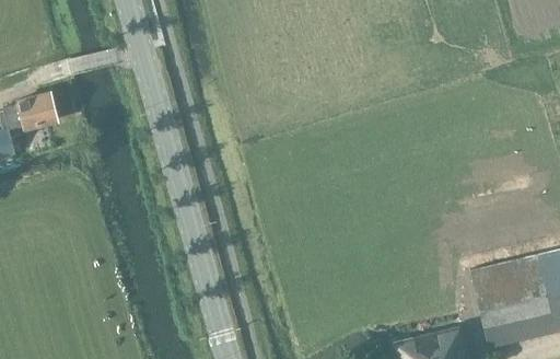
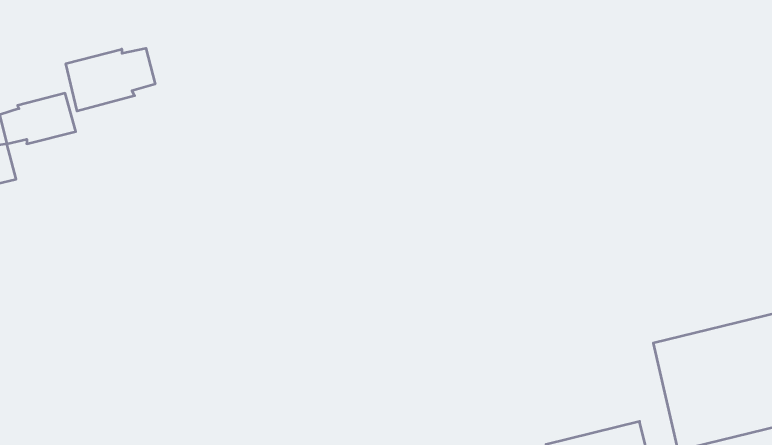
building: none -> [66,48,155,111]

